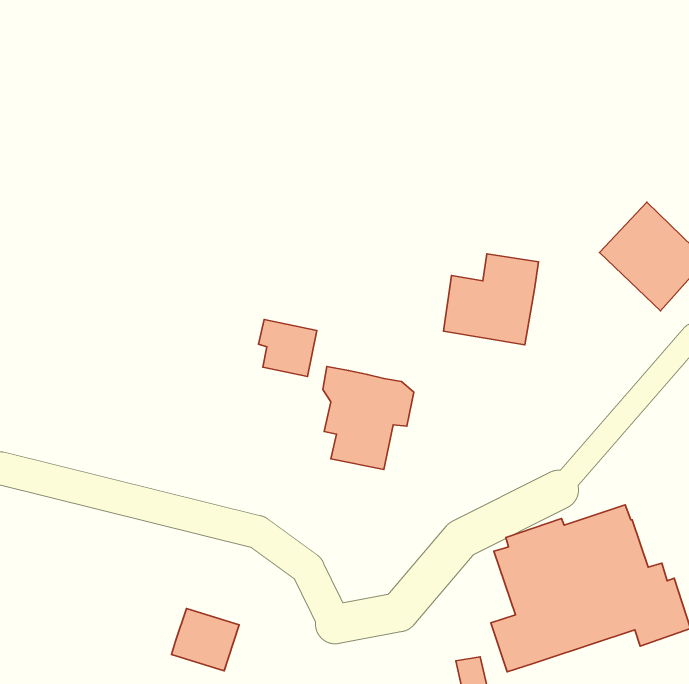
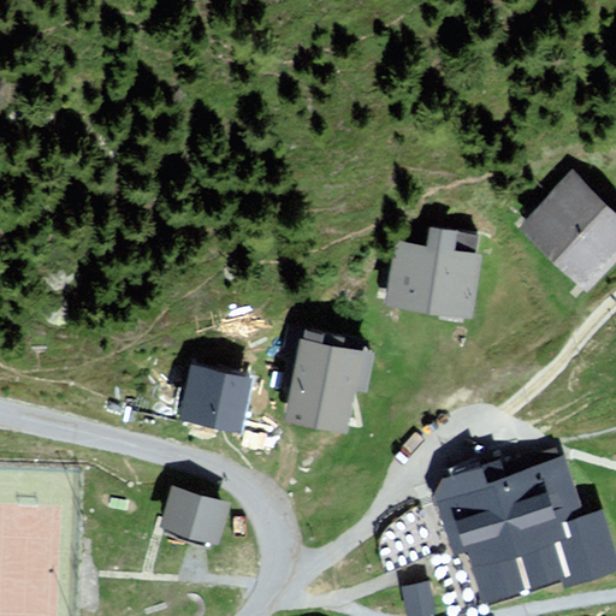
building: [259,320,317,377] -> [195,377,247,427]
building: [171,609,239,671] -> [166,498,226,553]

